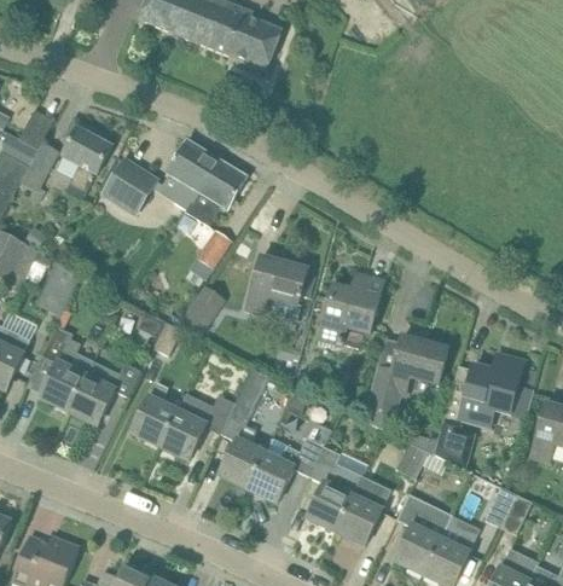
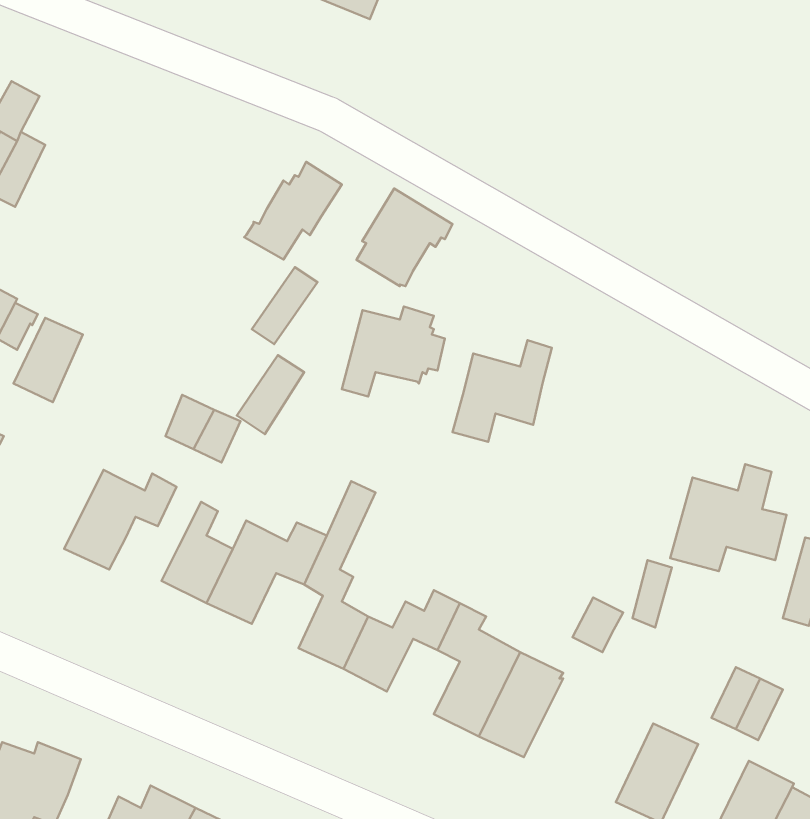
building: [60,118,111,201] -> none
building: [162,139,224,202] -> [357,189,452,286]
building: [101,158,156,214] -> none
building: [40,325,93,411] -> none
building: [362,333,447,429] -> none
building: [394,493,452,574] -> none

